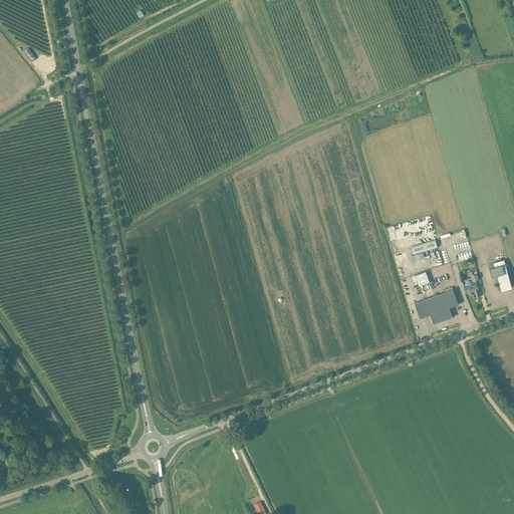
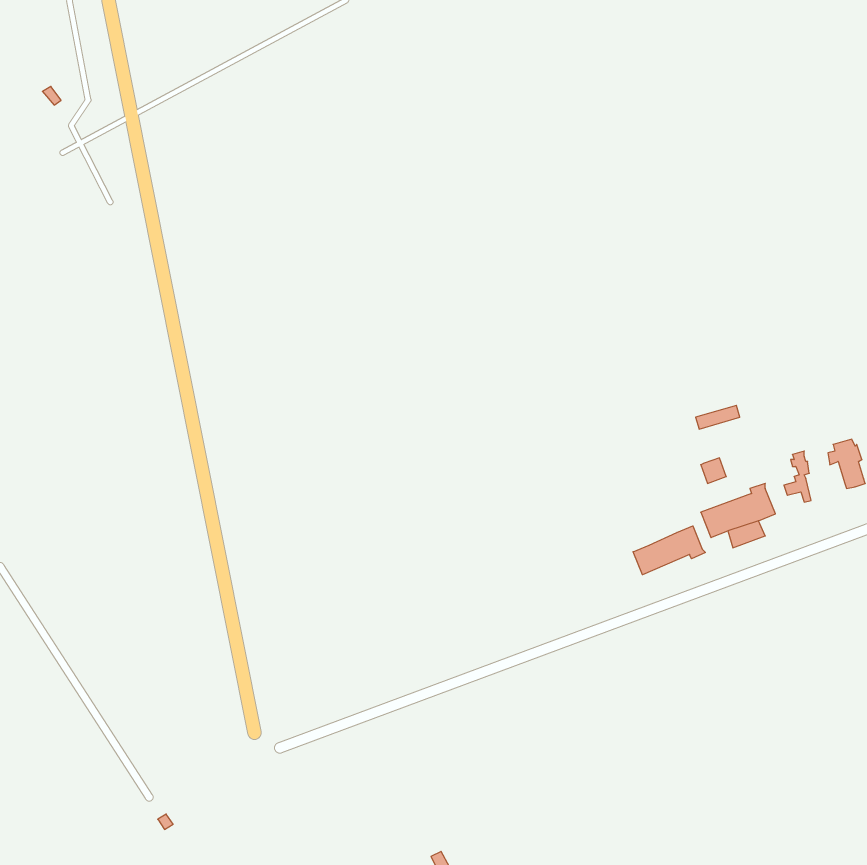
building: none -> [633,526,705,575]

